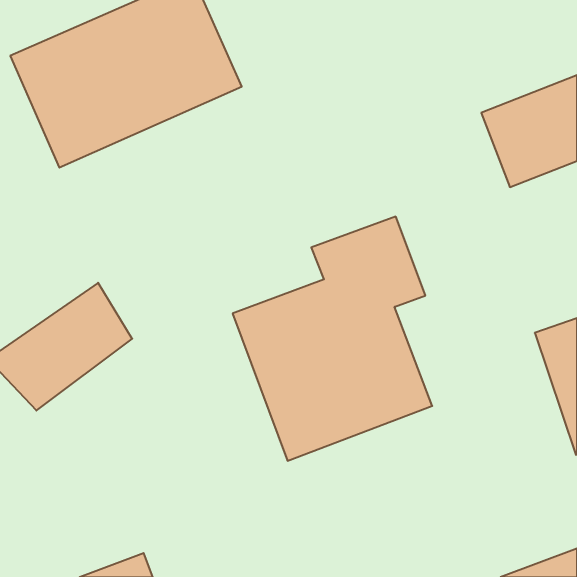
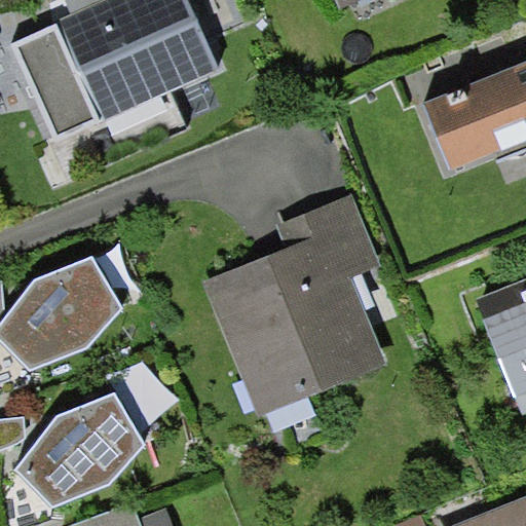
building: none -> [8,386,141,501]

